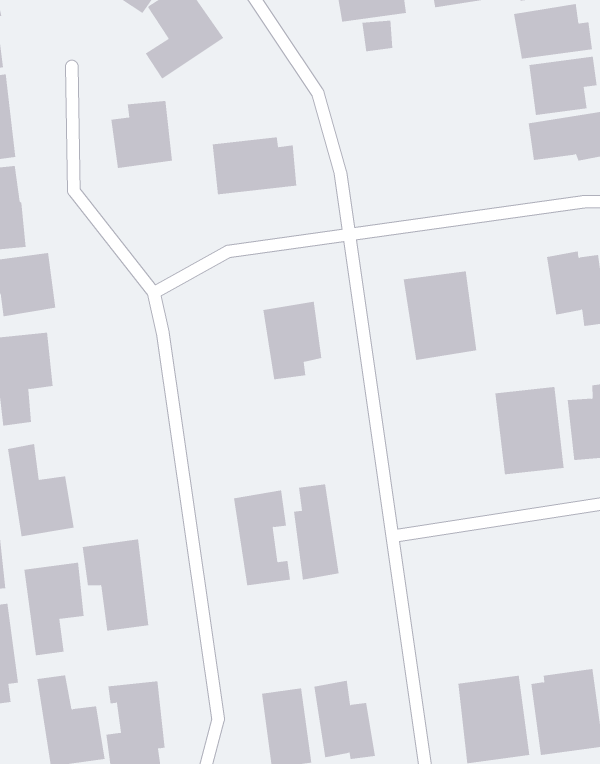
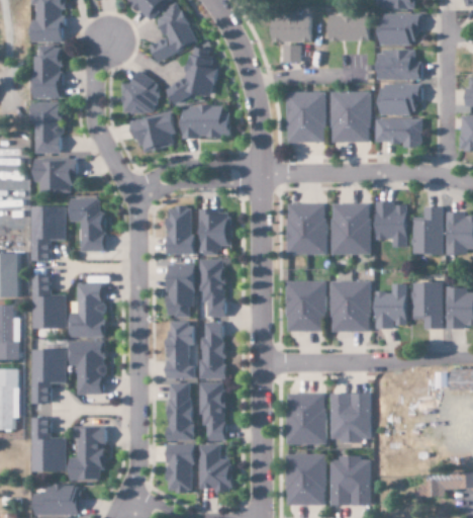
building: none -> [165,46,216,104]
building: none -> [330,91,370,142]
building: none -> [286,91,325,142]
building: none -> [132,114,175,152]
building: none -> [332,202,370,254]
building: none -> [166,206,192,254]
building: none -> [70,197,105,251]
building: none -> [200,258,224,316]
building: none -> [286,280,325,331]
building: none -> [165,264,193,317]
building: none -> [70,282,105,336]
building: none -> [330,393,369,441]
building: none -> [286,393,324,444]
building: none -> [199,381,224,440]
building: none -> [167,382,191,440]

